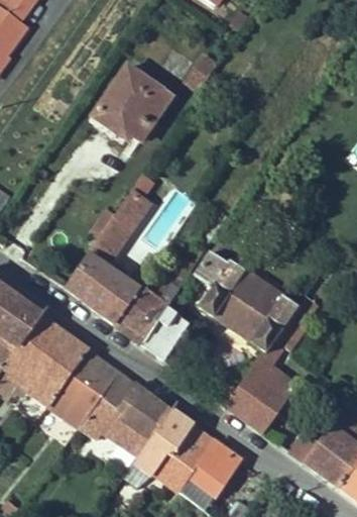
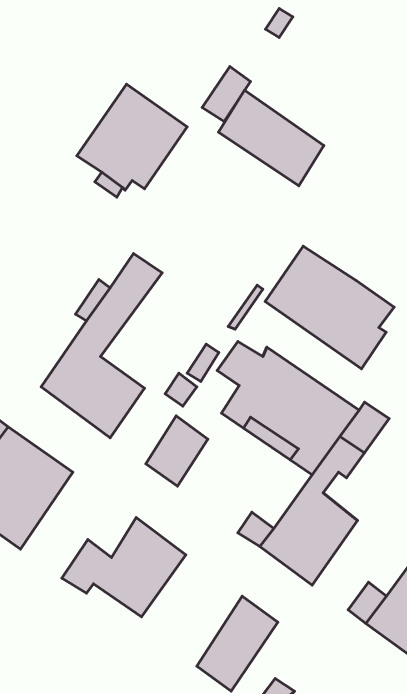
building: none -> [219,90,324,186]
building: none -> [265,246,394,369]
building: [115,287,166,343] -> none
building: [49,349,134,427] -> none
building: [123,410,212,492] -> none

